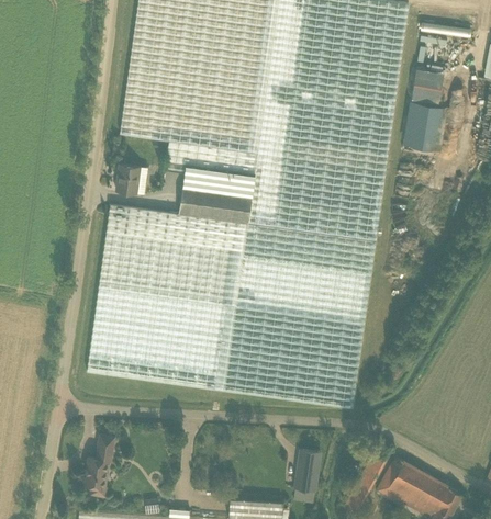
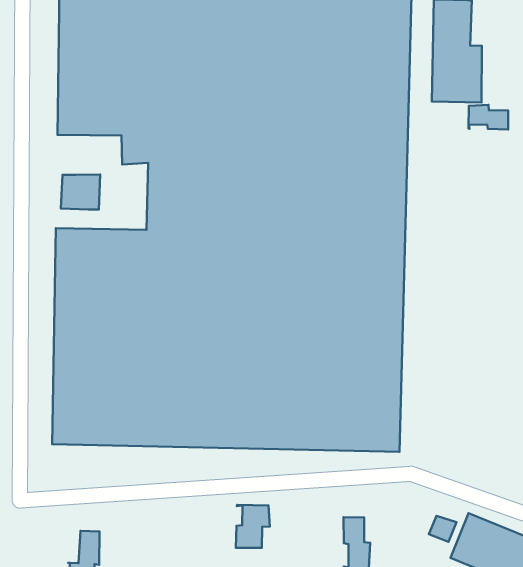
building: none -> [468,105,508,129]
building: none -> [236,505,270,548]

